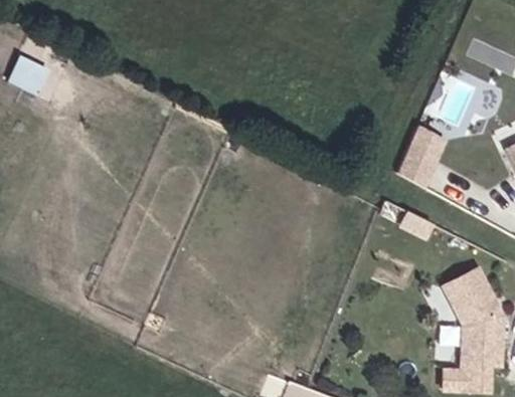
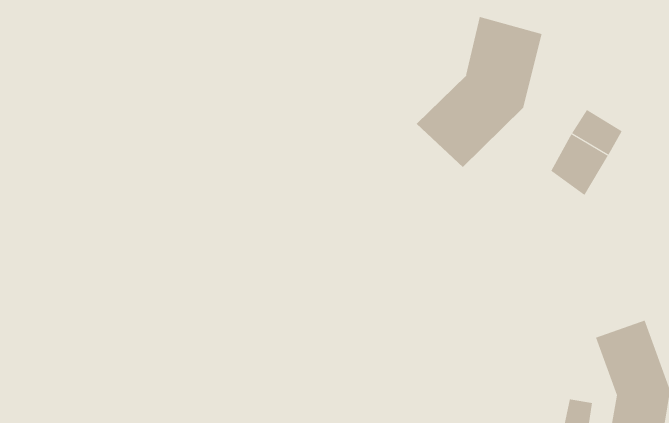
building: none -> [416,16,542,168]

